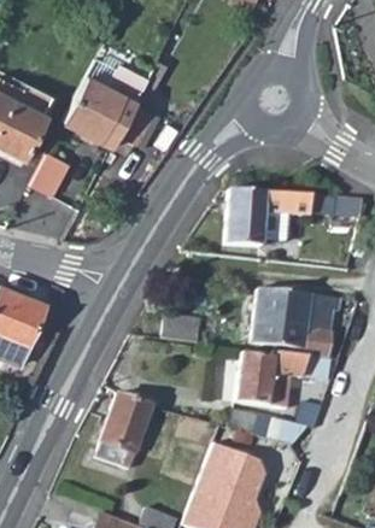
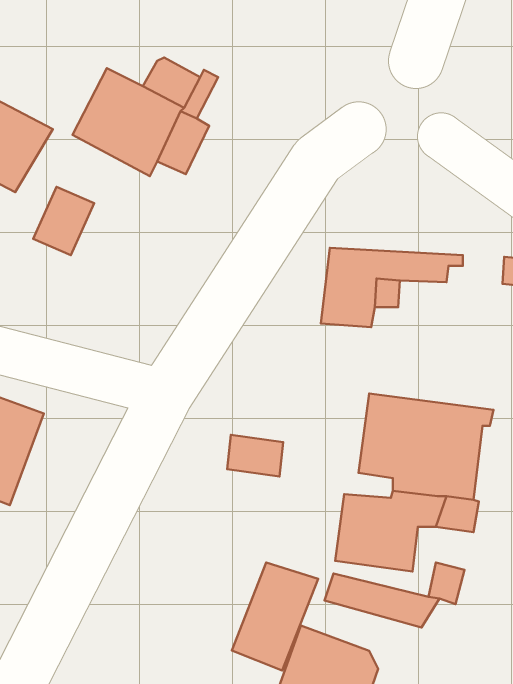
building: [98,395,156,468] -> [232,563,318,670]

